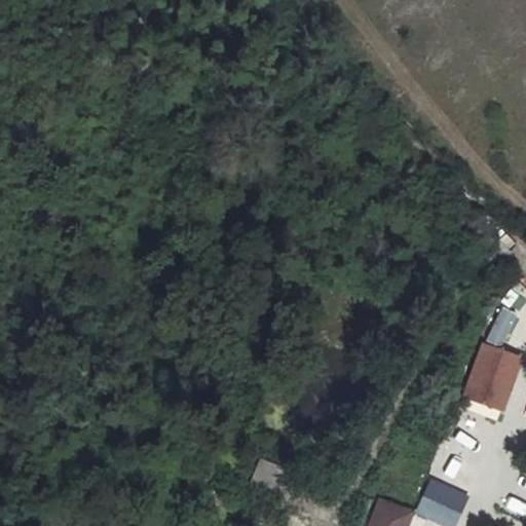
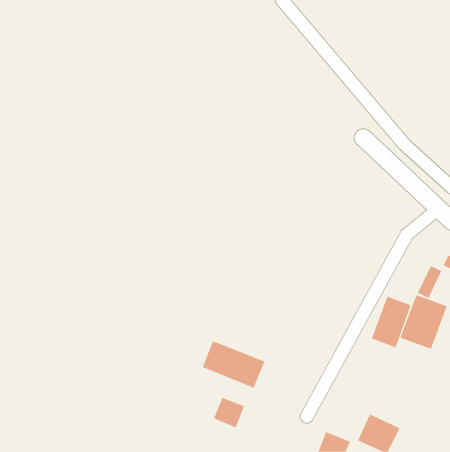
building: none -> [371,296,411,348]
building: none -> [202,341,265,388]

